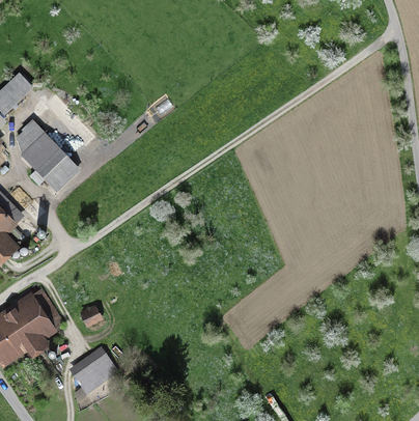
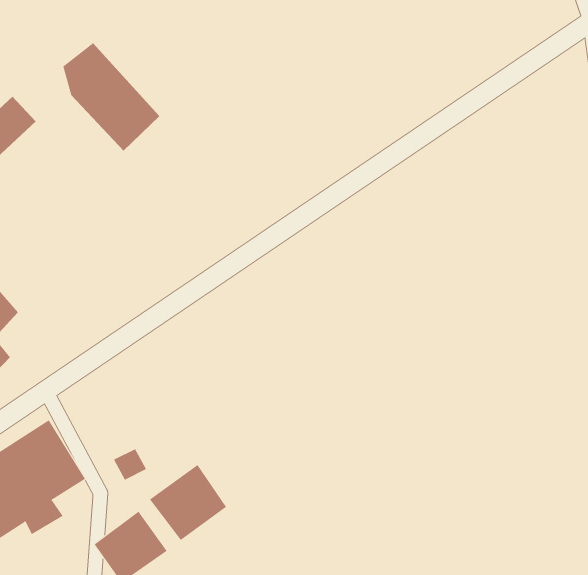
building: [16,122,79,193] -> [63,42,160,151]
building: none -> [149,464,227,541]

